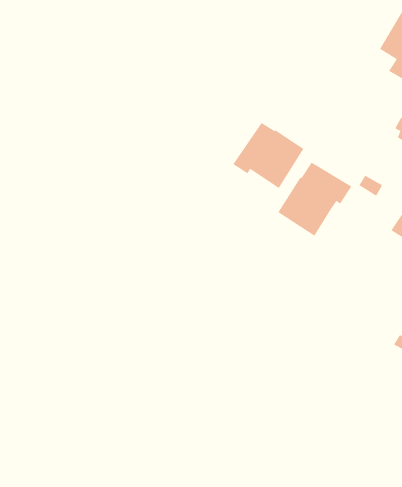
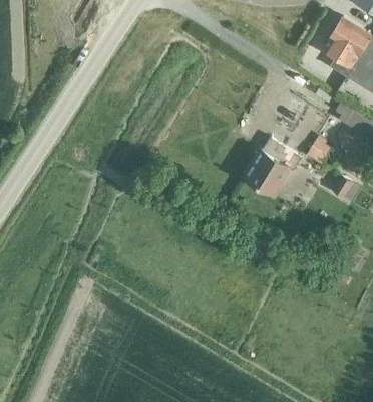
building: [232,122,304,189] -> none

